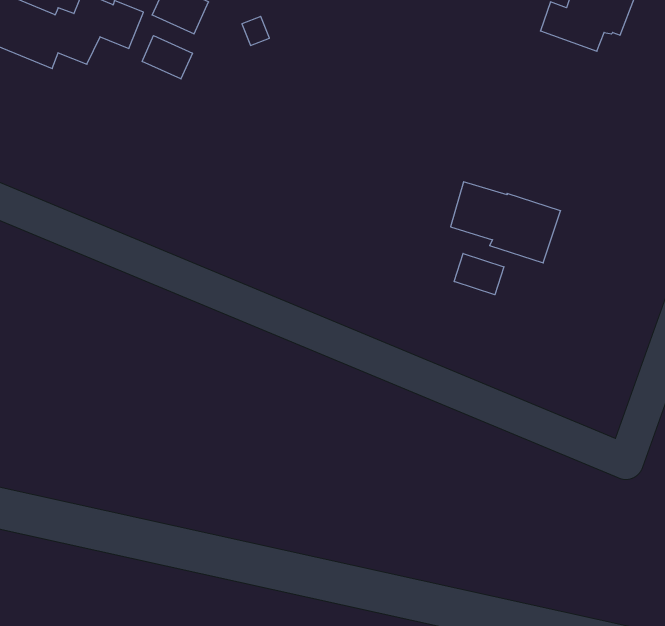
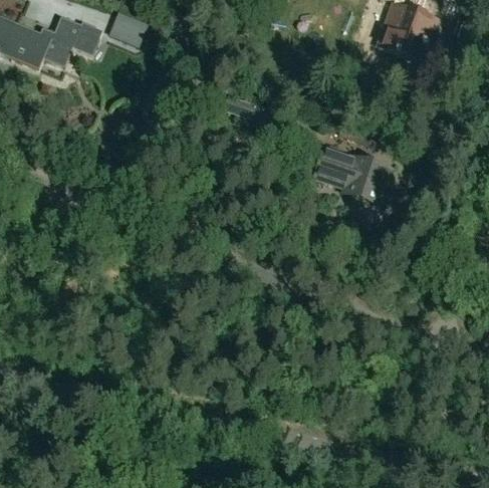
building: [142,36,192,79] -> none
building: [454,253,504,295] -> none

